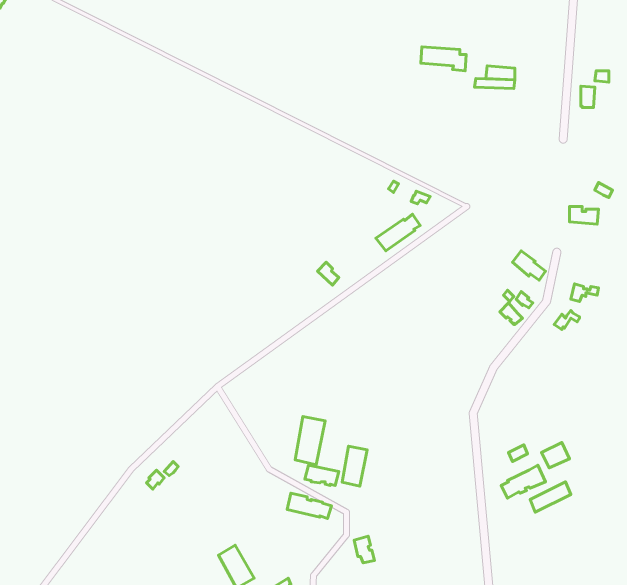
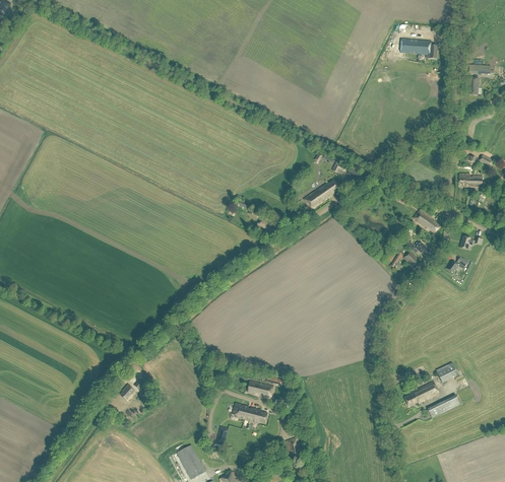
building: [421,47,466,71] -> [399,39,436,58]
building: [295,416,325,465] -> none
building: [342,446,367,486] -> none

